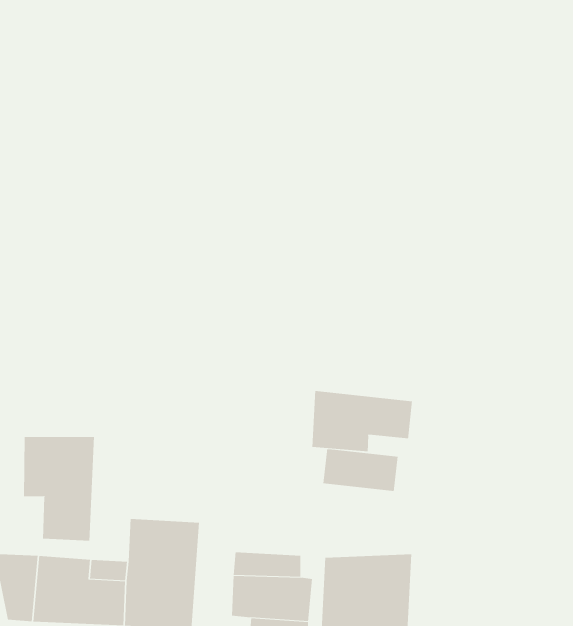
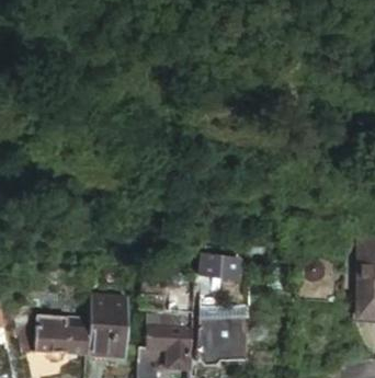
building: [312,390,413,452] -> none
building: [23,436,94,541] -> none

